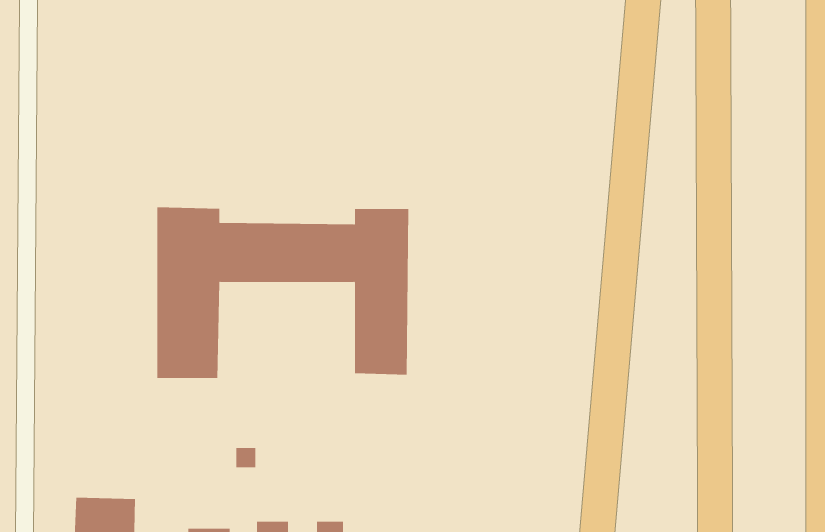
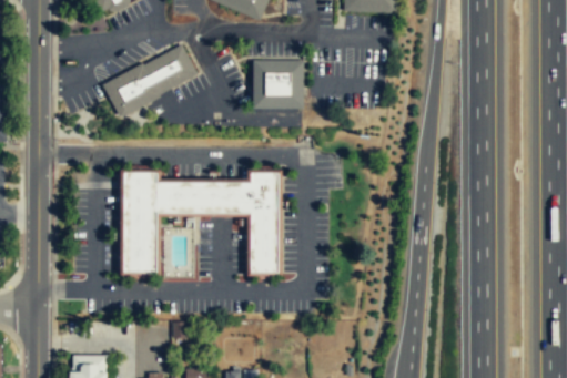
building: none -> [101,44,199,115]
building: none -> [252,60,304,109]

